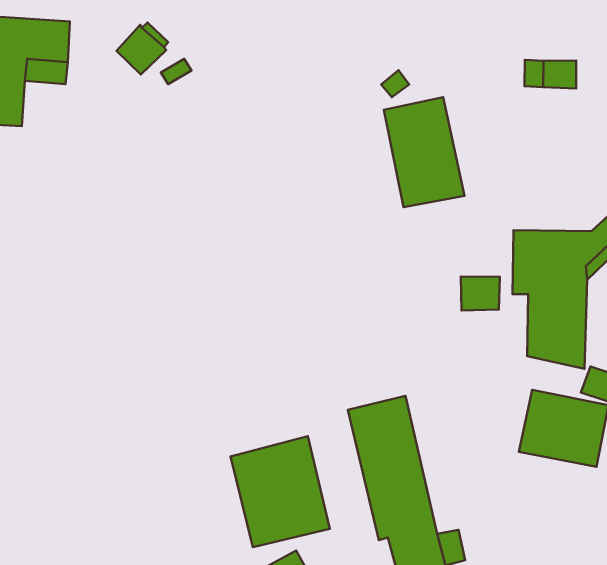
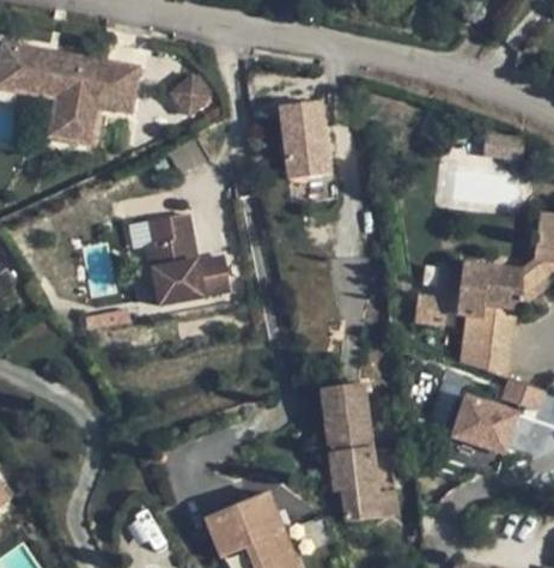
building: [384,97,465,207] -> [276,97,331,179]
building: none -> [150,212,232,303]
building: [231,436,330,547] -> none

